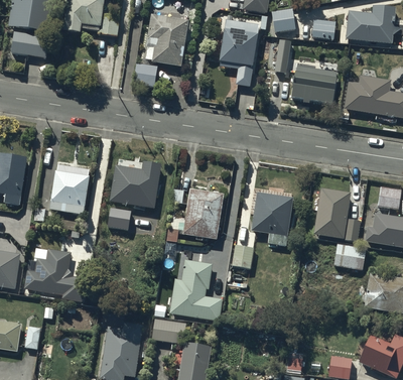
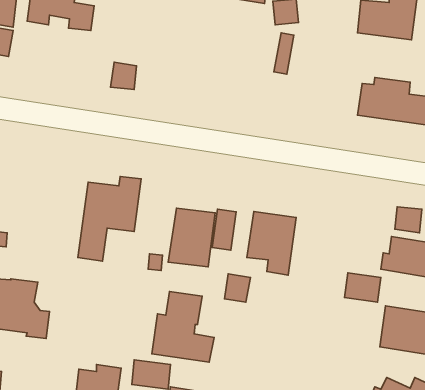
building: [145,14,187,66] -> none
building: [219,19,258,87] -> none
building: [311,19,334,38] -> none
building: [291,67,337,106] -> none
building: [48,165,89,215] -> none
building: [313,187,350,239] -> none
building: none -> [212,209,236,250]

